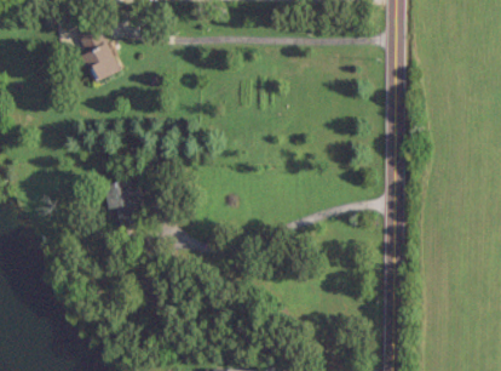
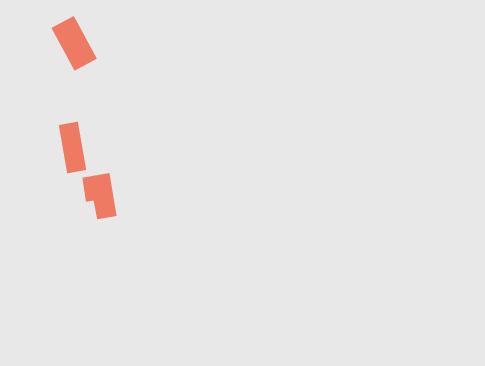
building: none -> [58,121,87,174]

